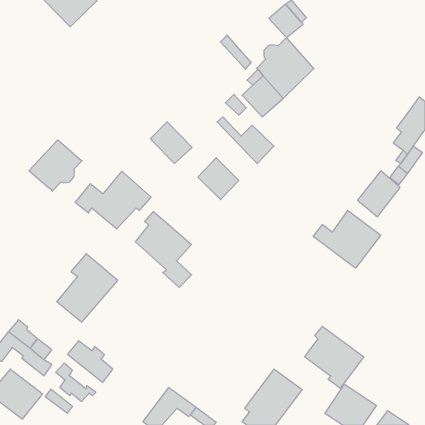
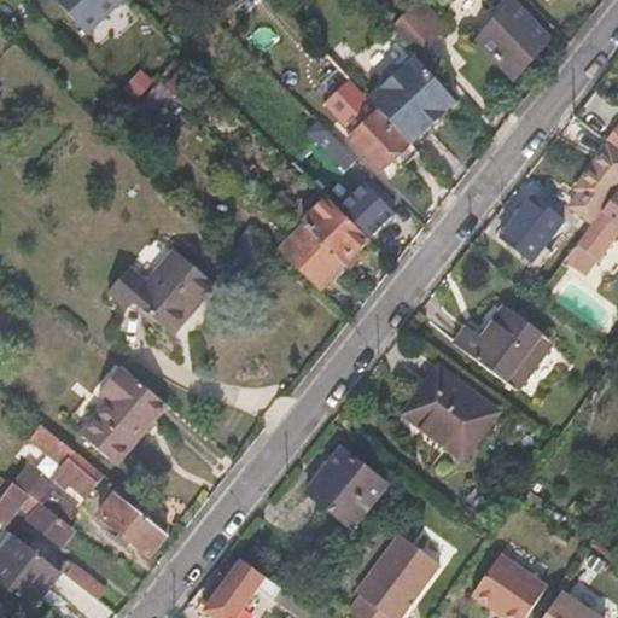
building: none -> [472,6,544,78]
building: [150,122,192,163] -> [310,200,371,261]
building: [29,140,82,191] -> none
building: [358,171,400,217] -> [500,193,561,260]
building: [135,212,192,287] -> none
building: none -> [305,449,383,525]
building: [305,326,364,388] -> [409,368,495,457]
building: [56,363,96,401] -> [48,437,106,492]

